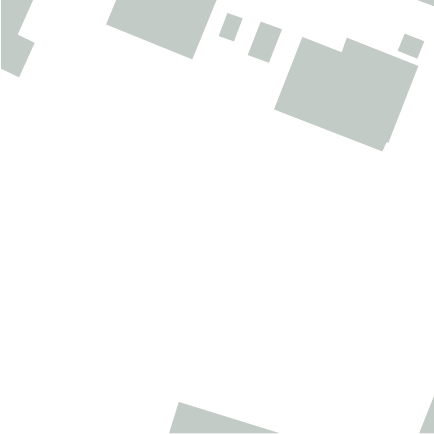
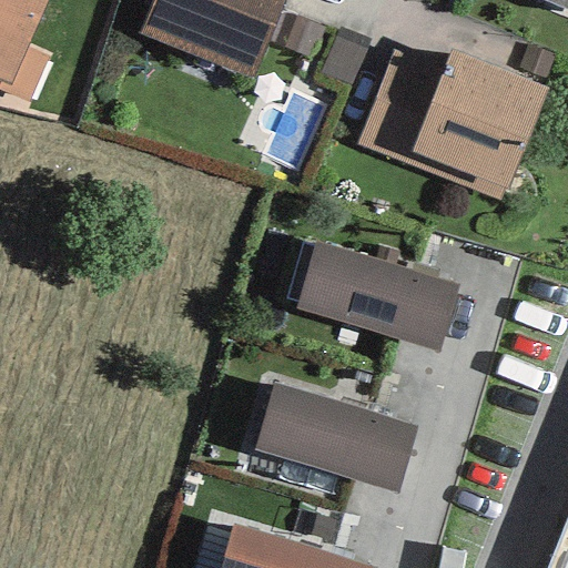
building: none -> [295,241,459,351]
building: none -> [254,383,419,493]

